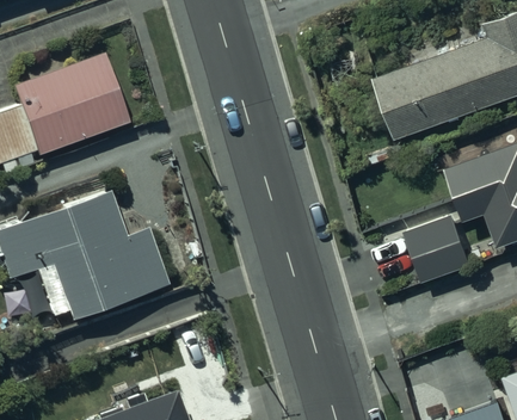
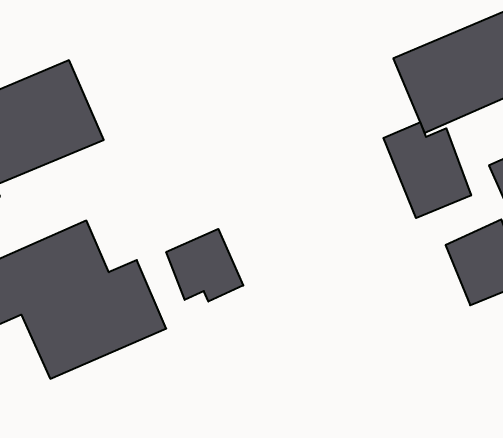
building: none -> [383,122,471,218]
building: none -> [166,229,243,302]

